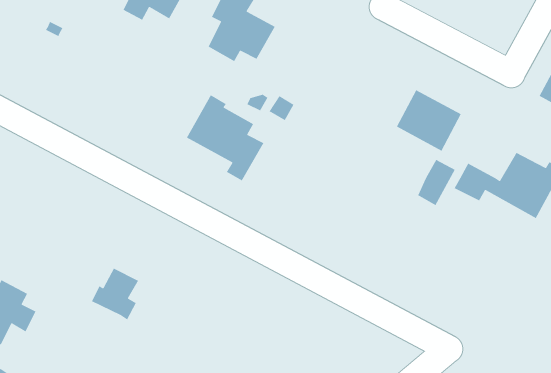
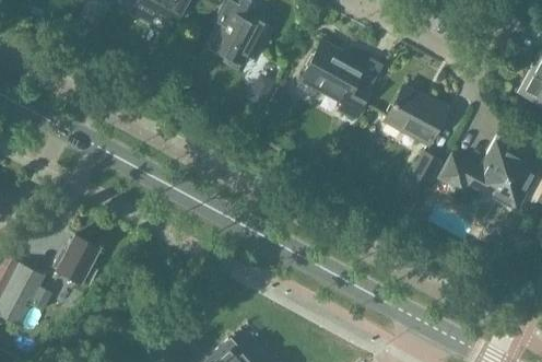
building: [186,94,265,182] -> [302,42,375,122]
building: [91,267,139,321] -> [56,236,101,285]

